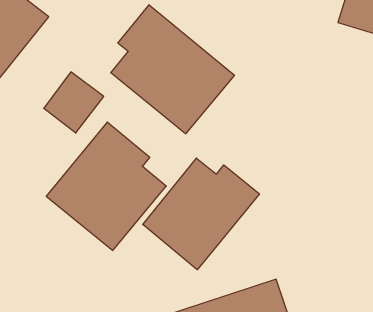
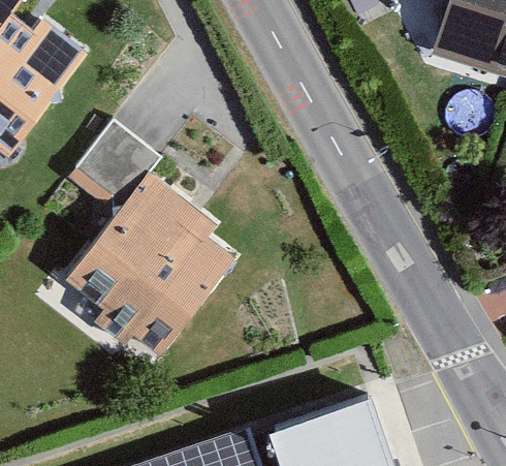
building: [111,5,234,134] -> none
building: [143,158,259,270] -> none

